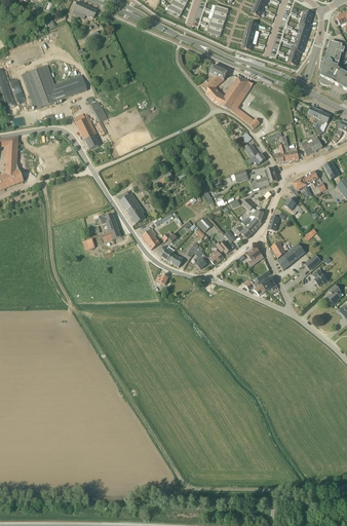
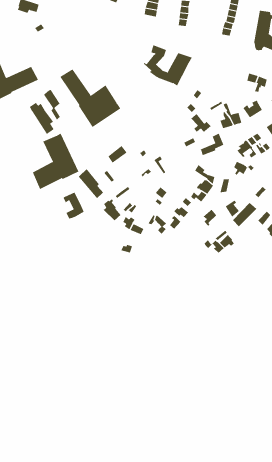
building: none -> [59,69,121,128]
building: none -> [32,133,79,190]

